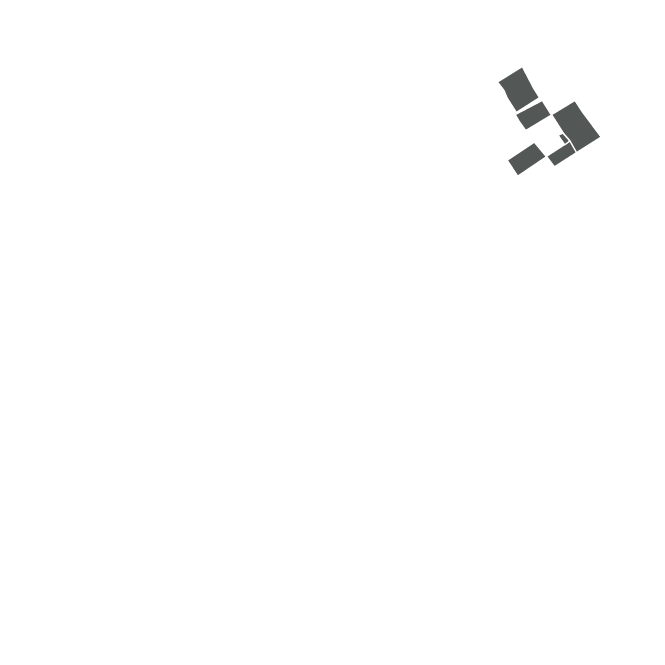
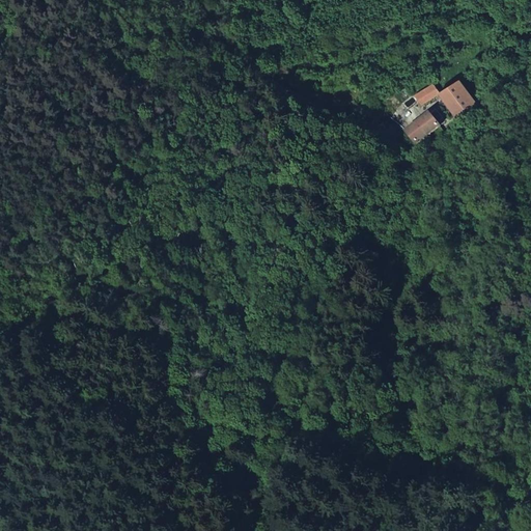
building: [498,66,539,112] -> none

